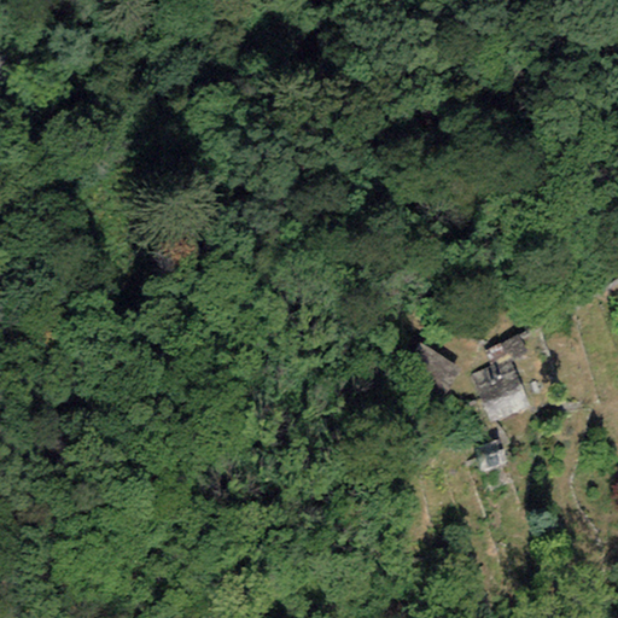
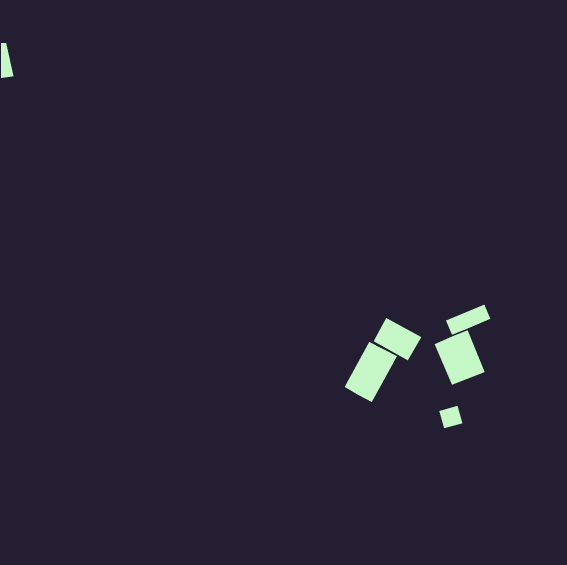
building: none -> [343,341,398,403]

